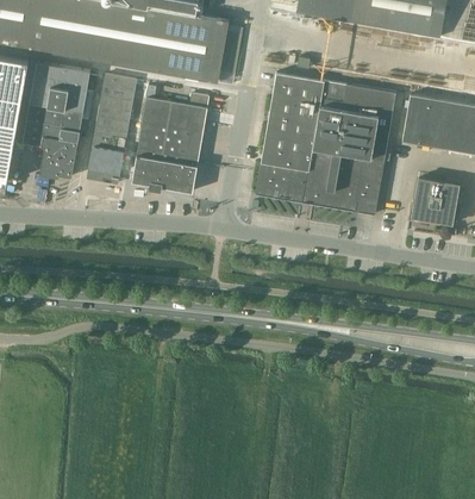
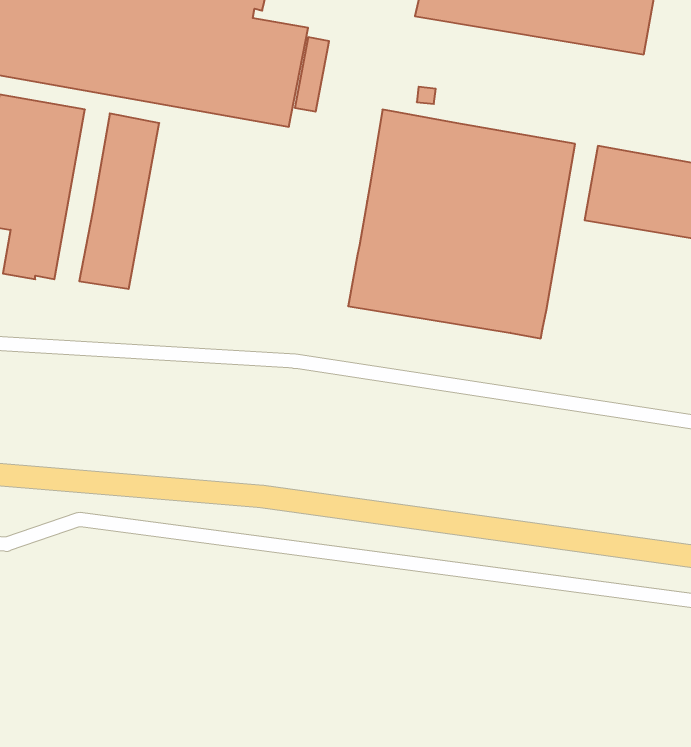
building: [131,85,207,191] -> none
building: [413,176,457,223] -> none

